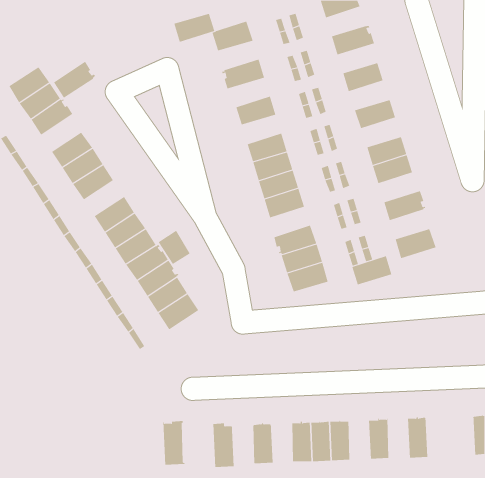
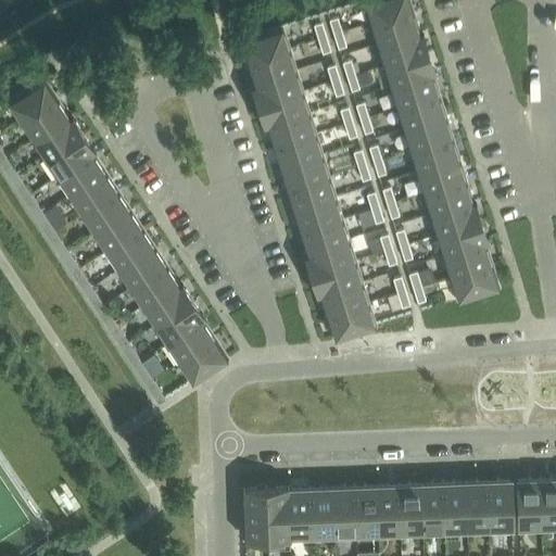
building: none -> [372,15,419,49]
building: [173,13,215,42] -> [249,54,296,88]
building: none -> [386,58,434,91]
building: [53,61,96,99] -> [47,138,96,181]
building: none -> [260,97,309,130]
building: none -> [399,100,446,134]
building: none -> [276,139,323,173]
building: none -> [413,142,459,176]
building: none -> [432,205,481,239]
building: none -> [96,214,142,255]
building: none -> [306,244,355,279]
building: [158,230,191,265] -> none
building: [351,256,392,285] -> [445,248,492,281]
building: none -> [518,482,543,530]
building: none -> [488,484,513,531]
building: none -> [444,485,468,532]
building: none -> [400,488,424,534]
building: [163,420,185,465] -> [266,491,292,542]
building: none -> [311,491,334,538]

